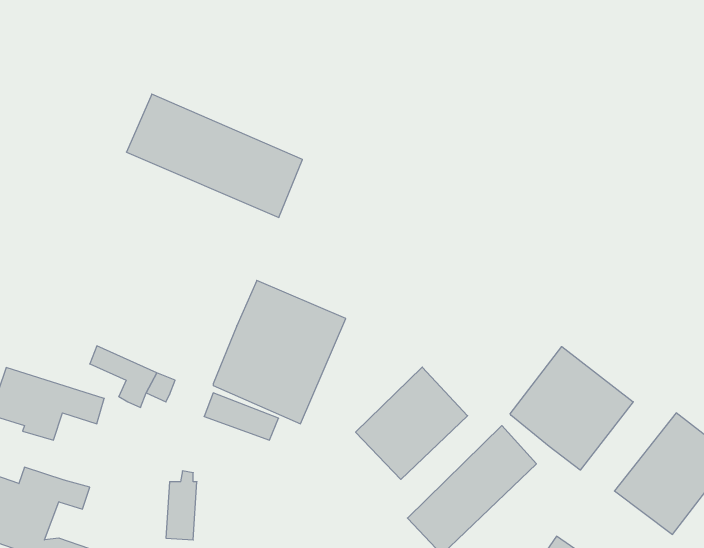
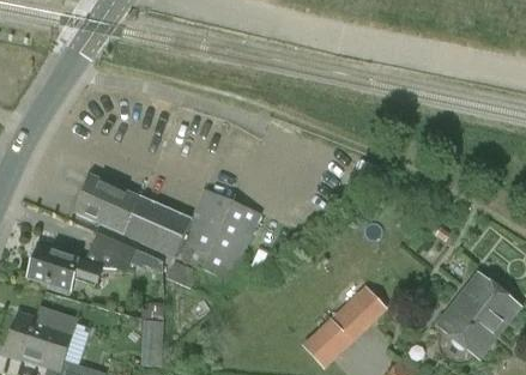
building: [126,94,302,217] -> [72,174,188,255]
building: [510,347,633,470] -> none
building: [356,367,468,479] -> none

